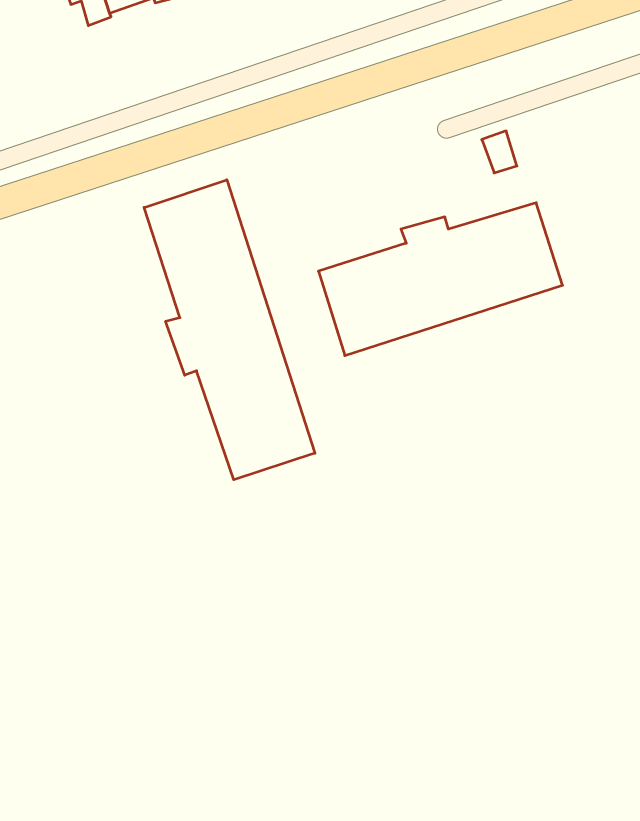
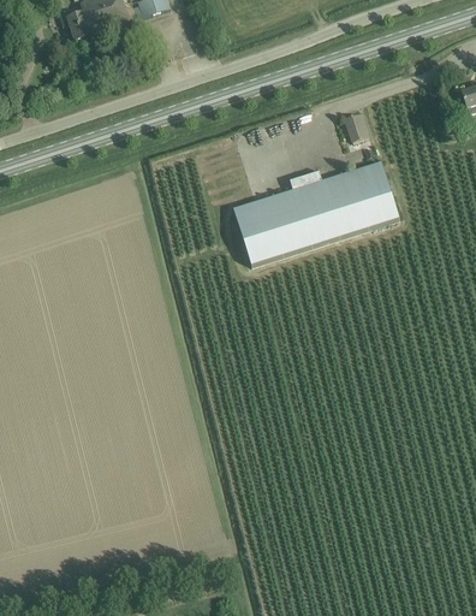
building: [144,180,315,480] -> none

